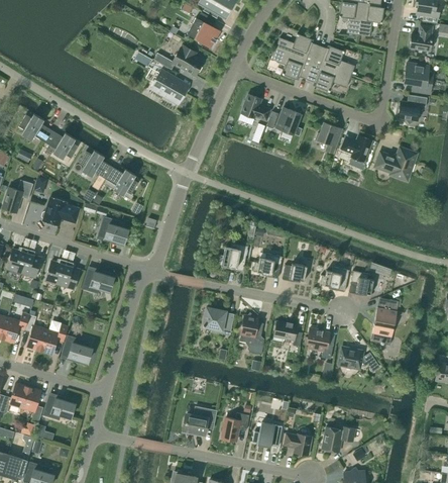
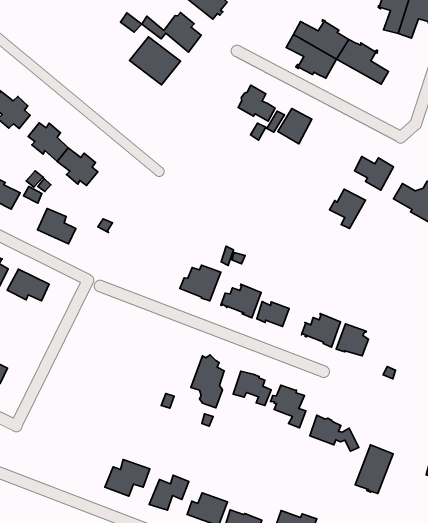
building: [307,63,351,91] -> none
building: [315,122,342,153] -> [329,189,365,228]
building: [203,307,233,334] -> none
building: [370,307,397,345] -> [355,445,393,493]

